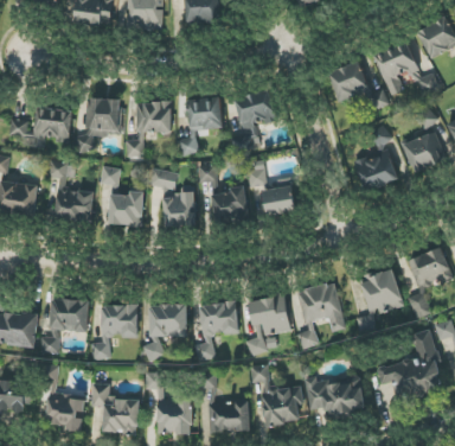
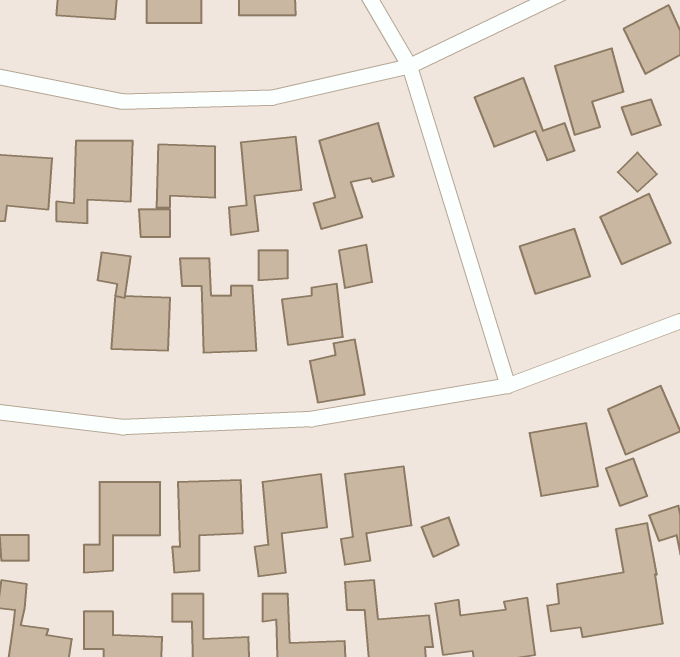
building: [47,161,94,221] -> none
building: [262,178,295,216] -> [310,340,365,402]
building: [296,282,345,332] -> none
building: [50,299,88,331] -> none

